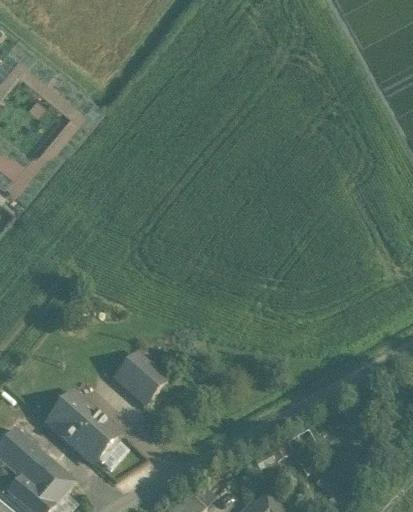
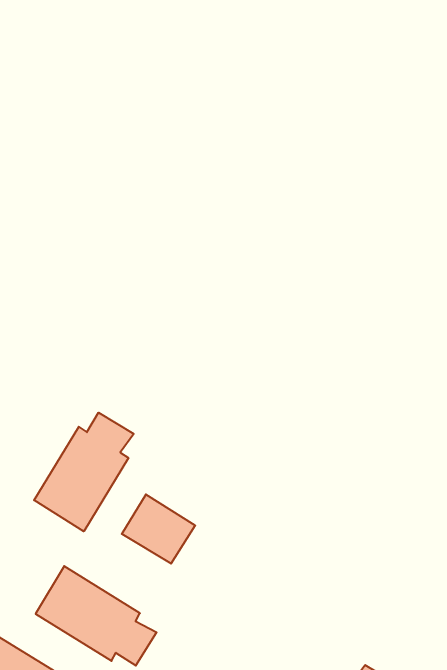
building: none -> [34,413,134,531]

